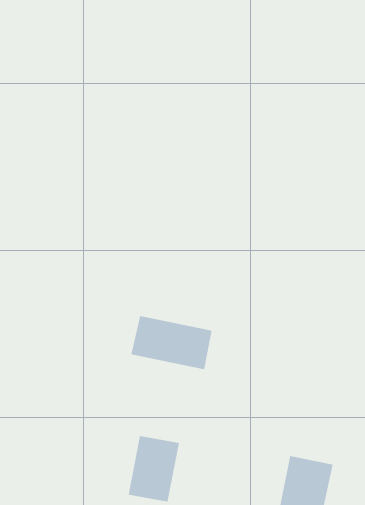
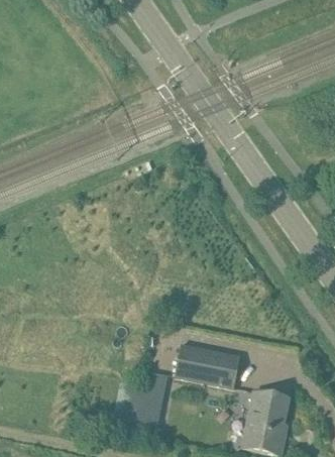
building: [131,316,212,370] -> [174,344,239,387]

